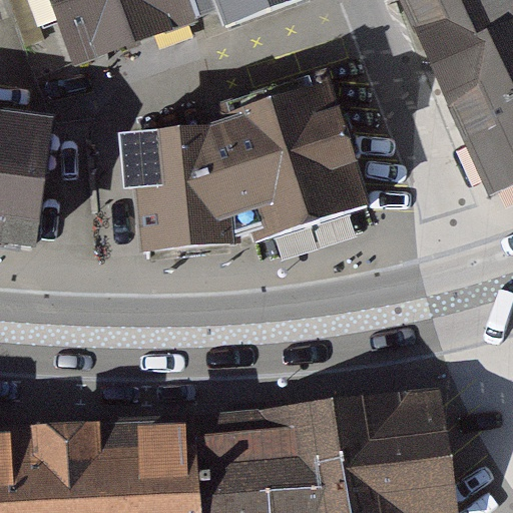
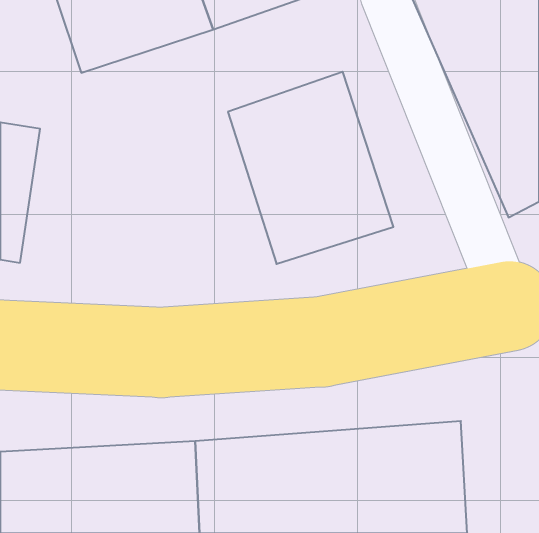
building: [128,106,263,251] -> none

